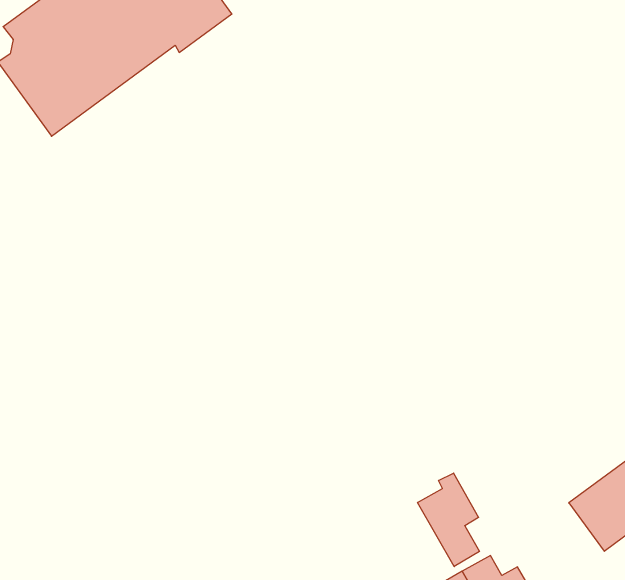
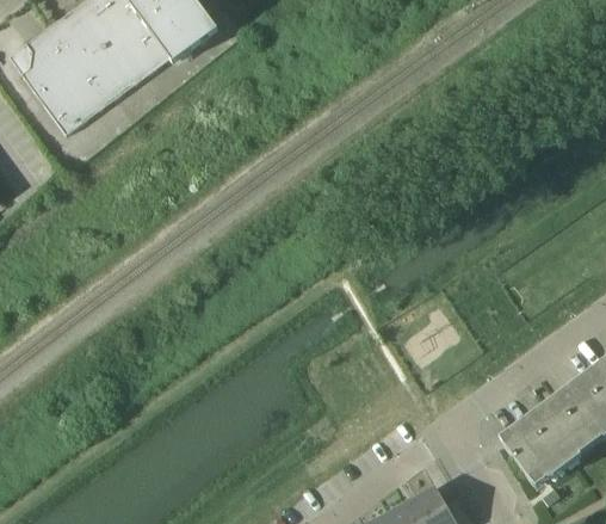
building: [418,473,479,567] -> none

